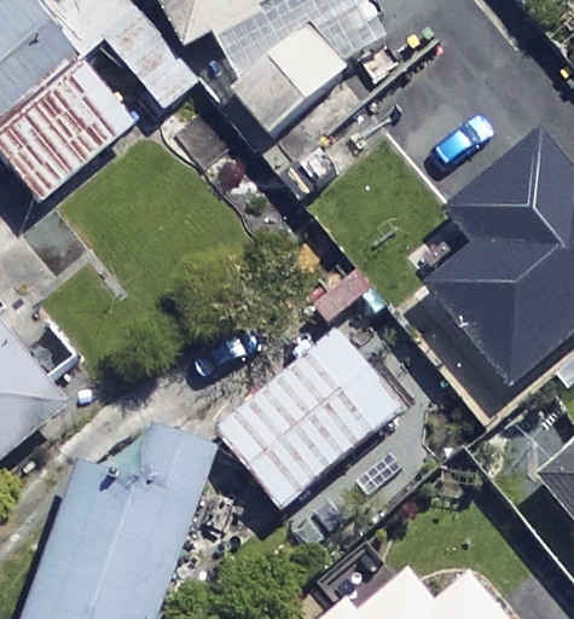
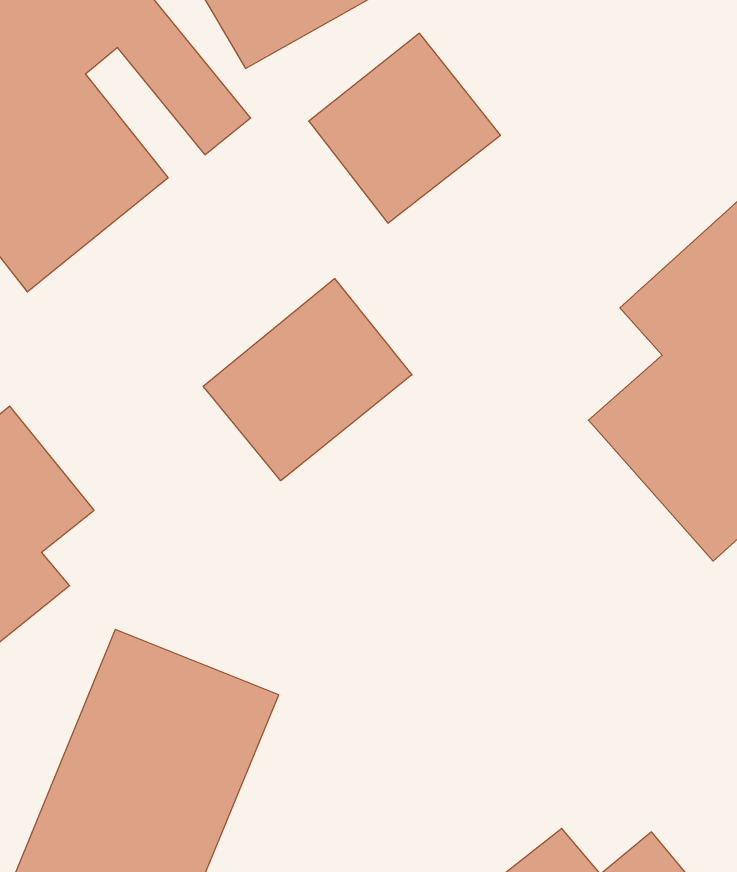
building: none -> [203,279,412,481]
building: [214,325,401,505] -> none

